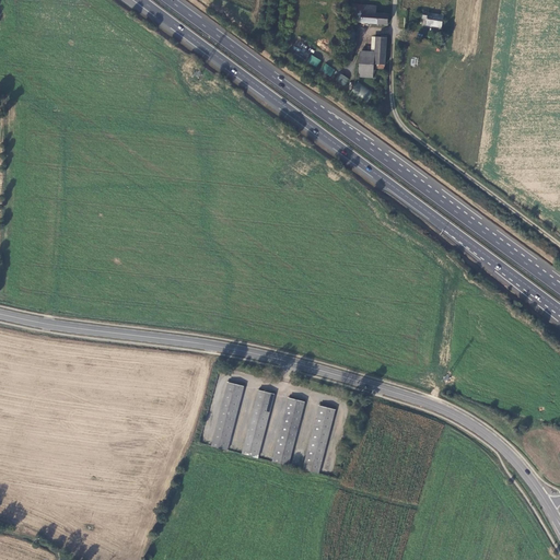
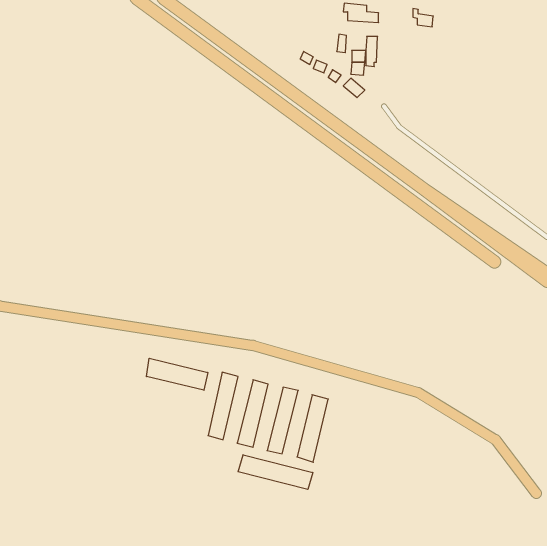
building: none -> [146,358,208,390]
building: none -> [238,455,313,489]

